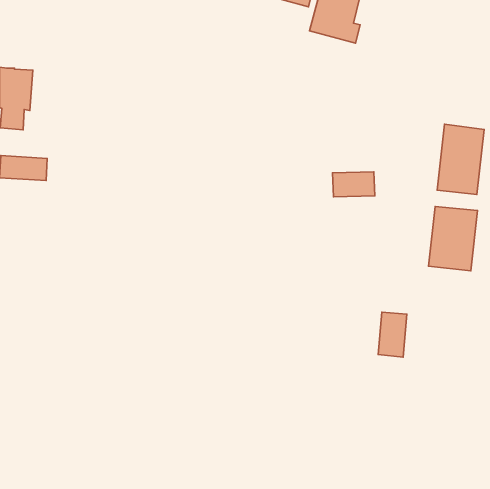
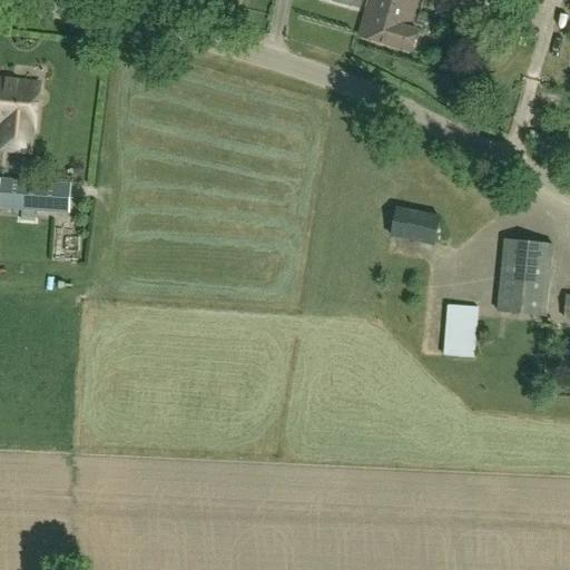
building: [437,124,484,195] -> none
building: [378,312,407,357] -> [444,304,478,356]

